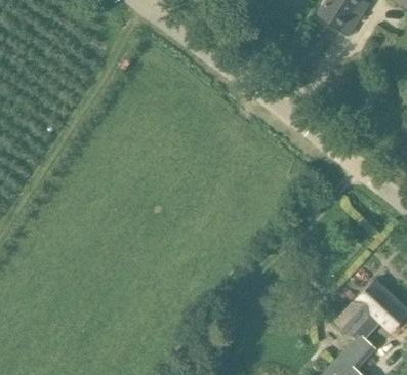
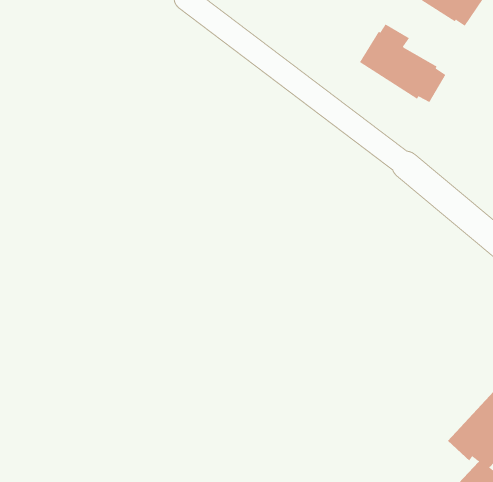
building: none -> [359,23,446,103]

